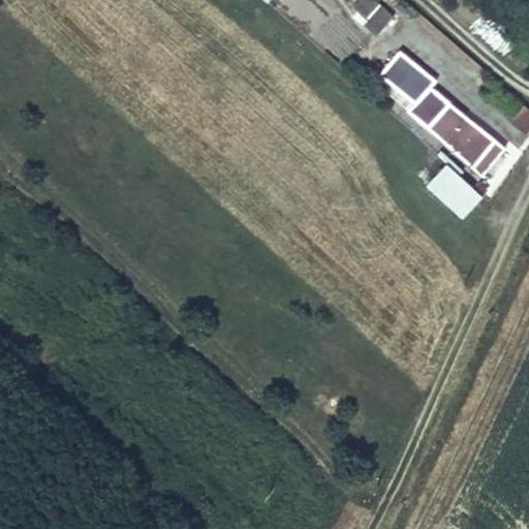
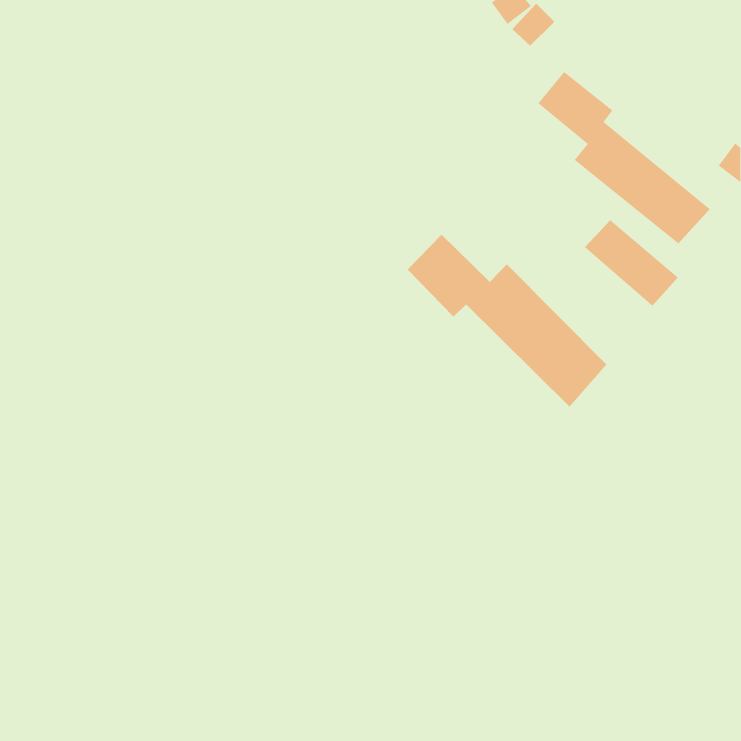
building: none -> [407,234,607,407]

